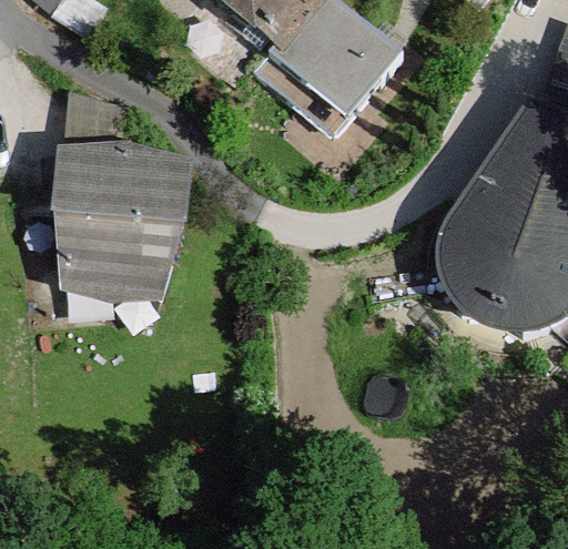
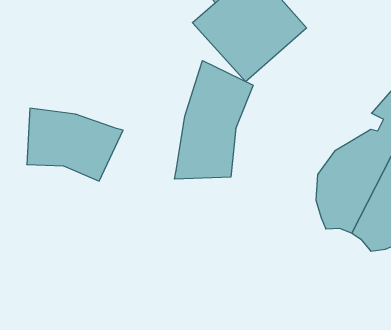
building: none -> [174,61,253,179]
building: [62,150,187,220] -> none

